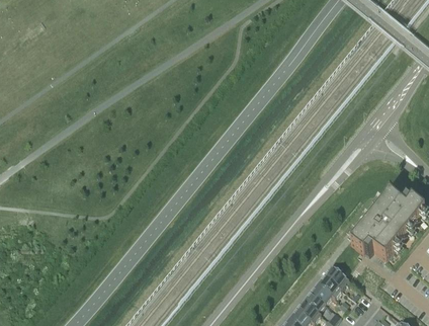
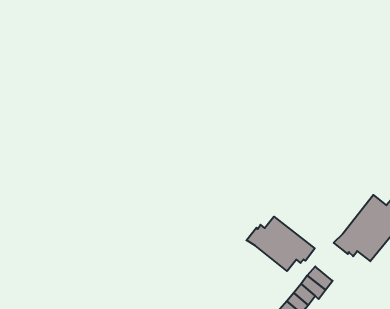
building: none -> [246,217,315,271]

